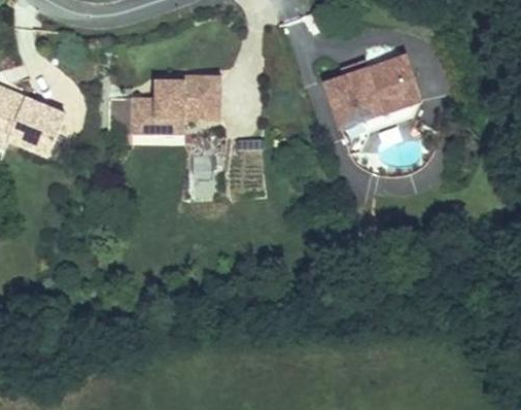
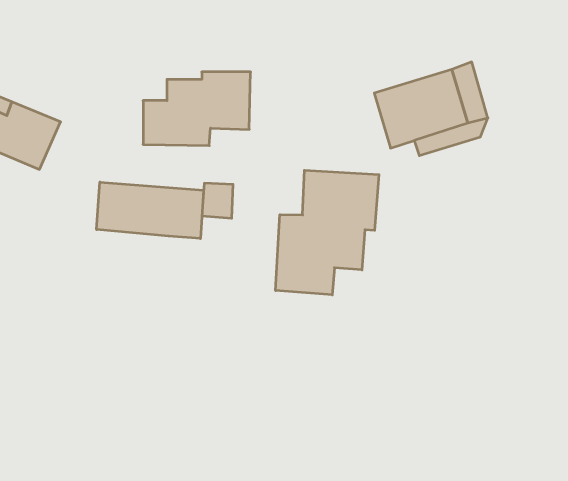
building: none -> [276,170,379,295]
building: none -> [97,182,203,239]

